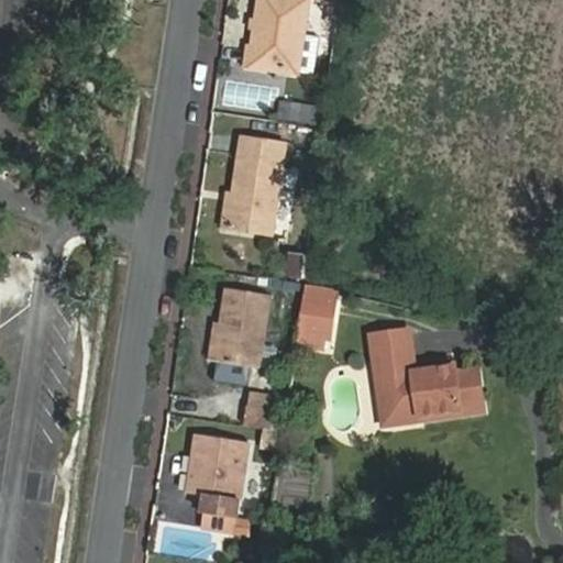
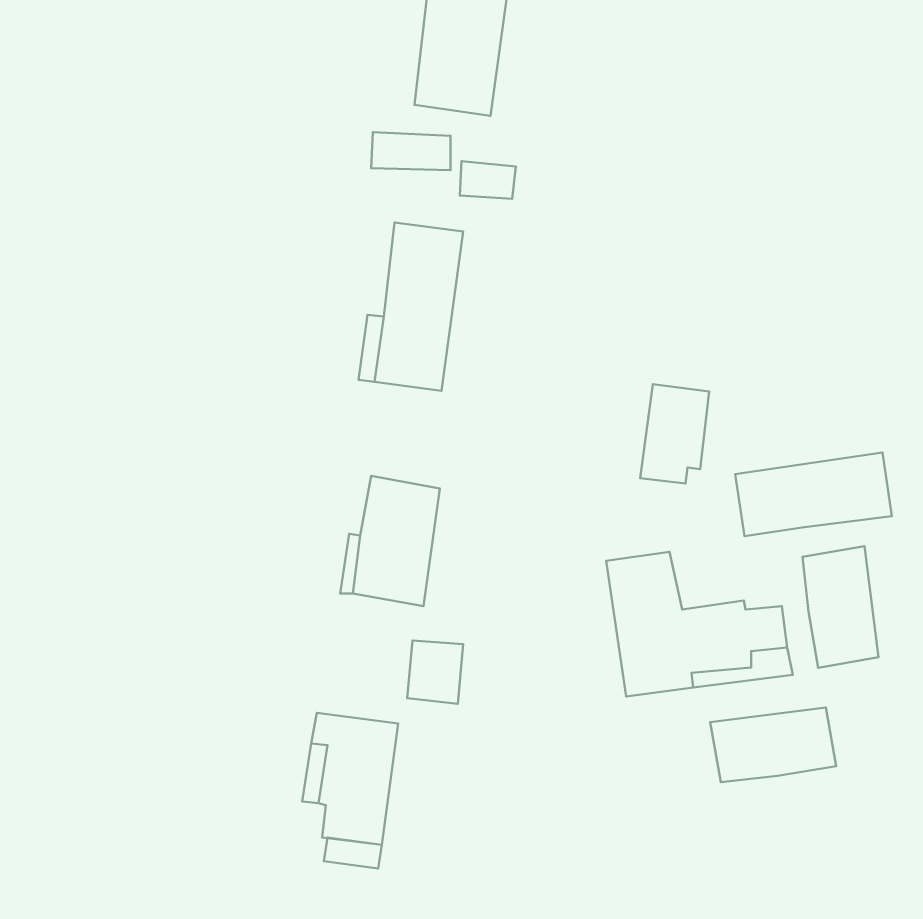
building: none -> [735,452,892,536]
building: [295,285,336,345] -> [640,384,709,484]
building: none -> [802,546,879,668]
building: none -> [710,708,836,782]

